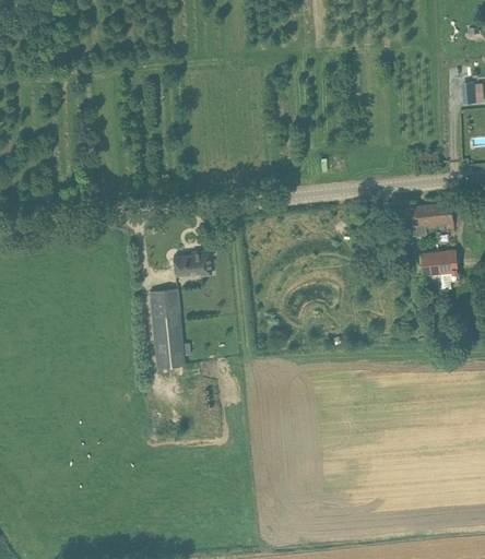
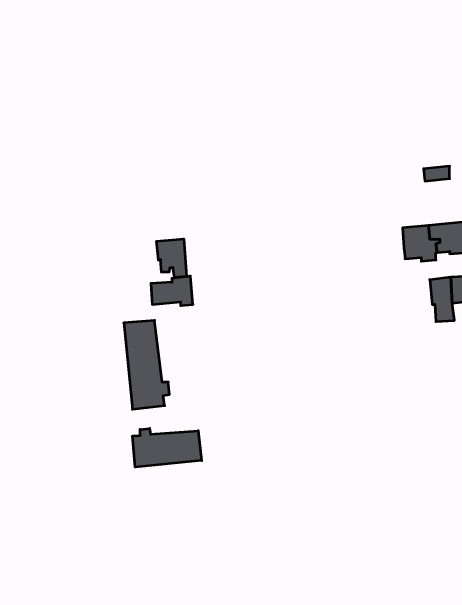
building: none -> [157,239,186,277]
building: none -> [133,428,202,467]

